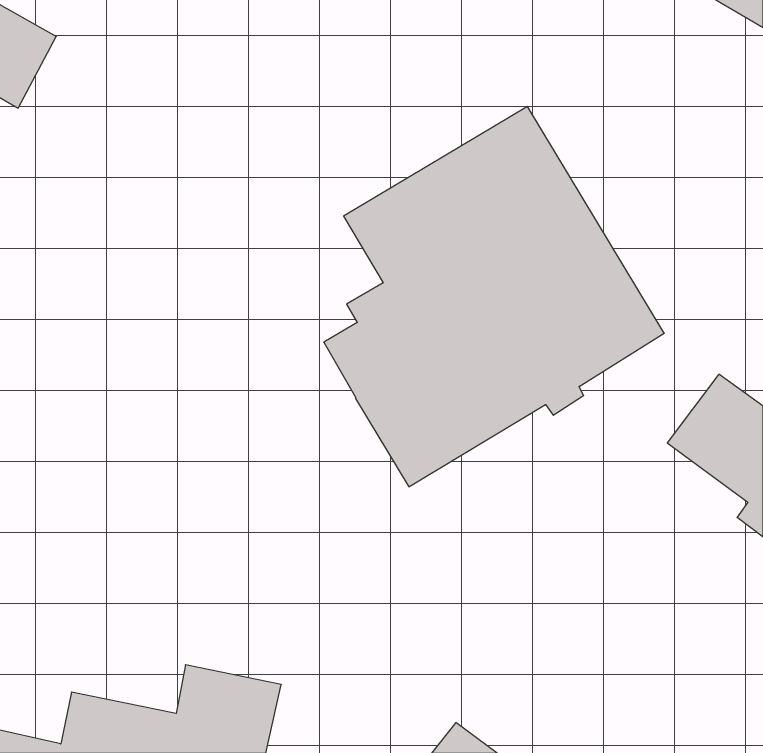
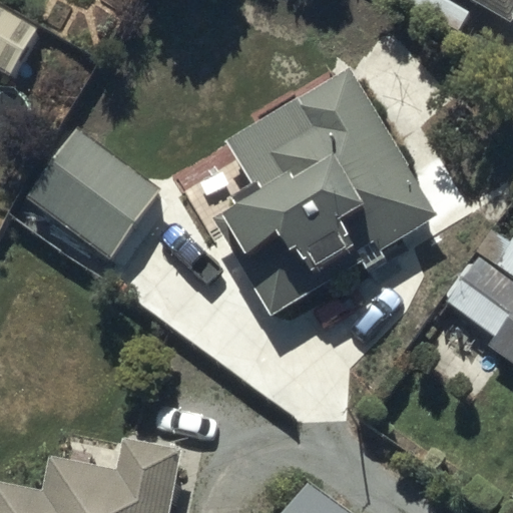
building: none -> [17,126,164,265]

